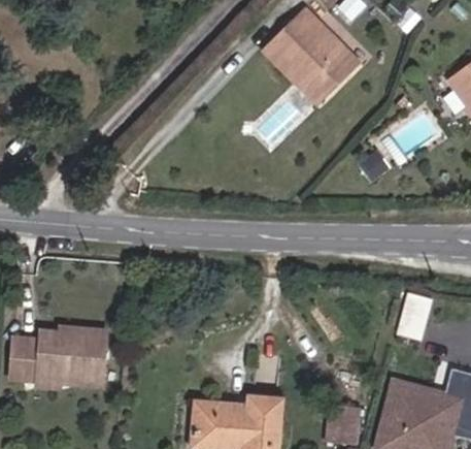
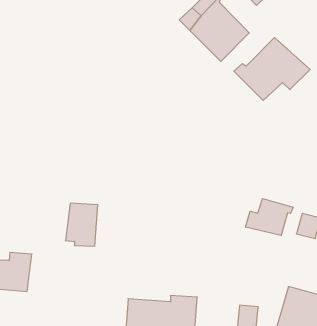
building: none -> [234,38,310,100]
building: none -> [246,199,293,236]
building: [66,340,107,394] -> [65,203,98,246]

